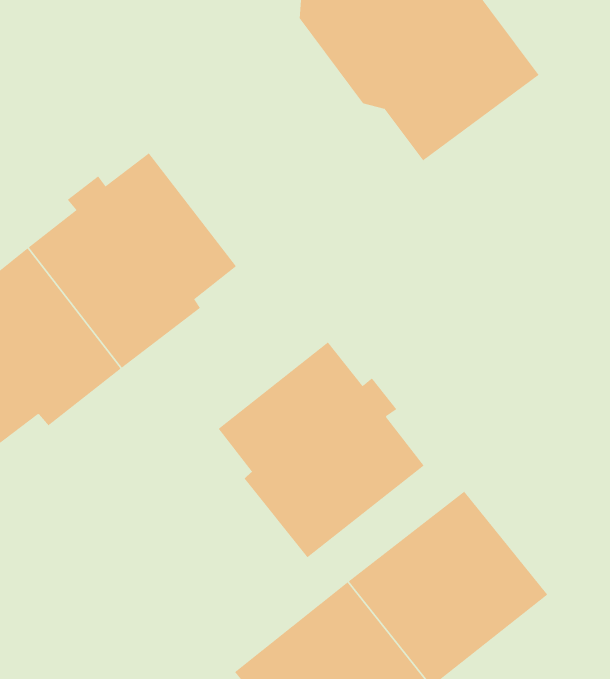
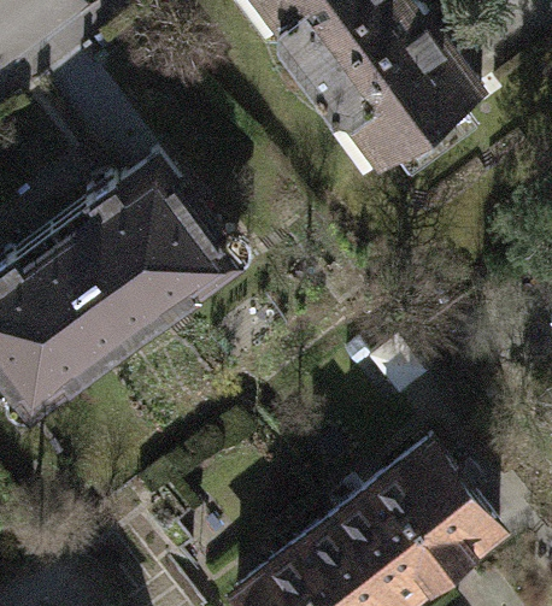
building: [218,342,424,558] -> none

